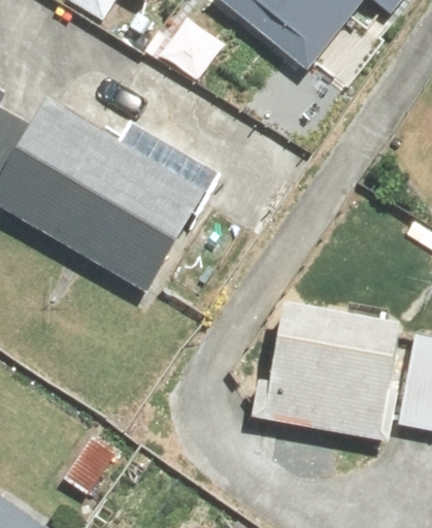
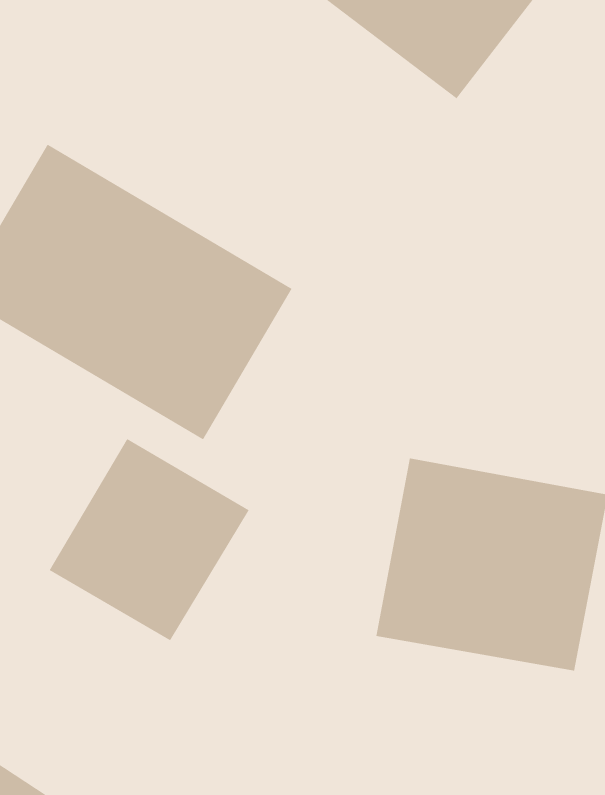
building: none -> [49,438,249,641]

